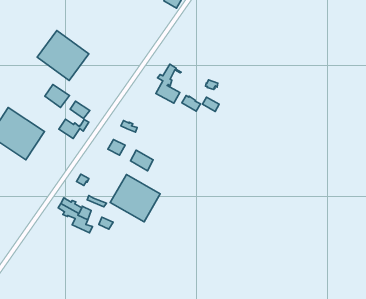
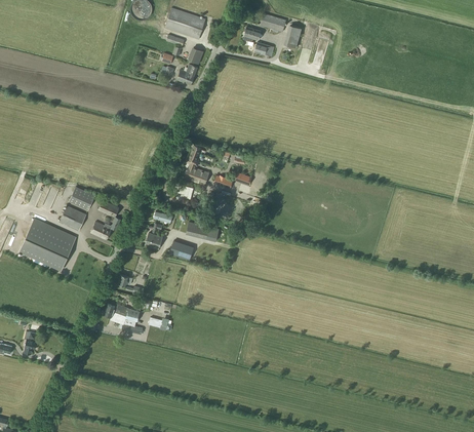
building: [37,30,89,81] -> none
building: none -> [60,205,86,231]
building: [110,174,160,222] -> none

